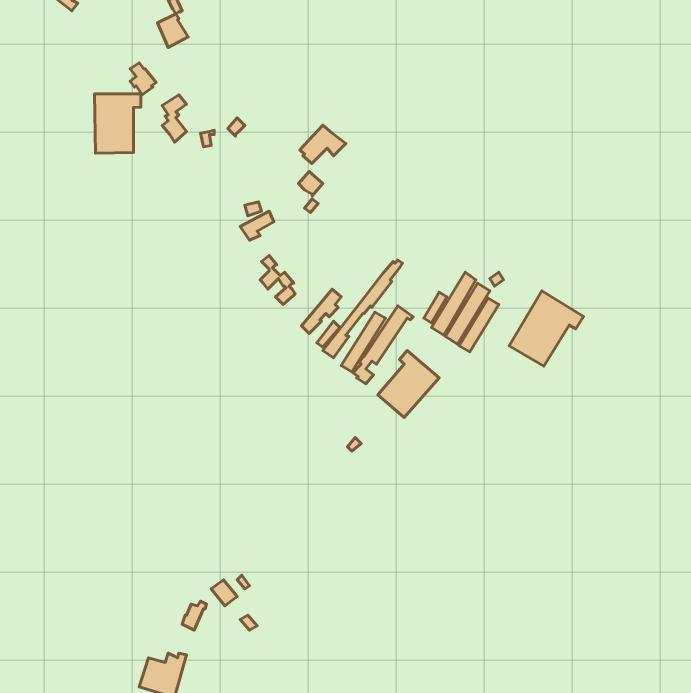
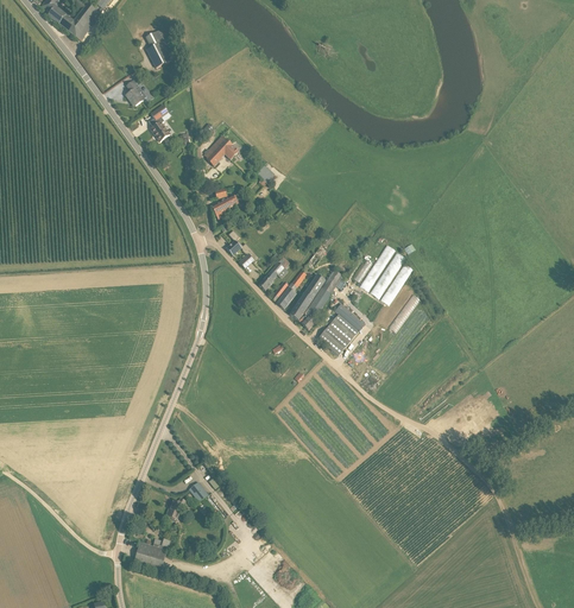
building: [94,94,141,153] -> none
building: [300,125,346,164] -> [203,135,239,165]
building: [509,291,584,366] -> none

